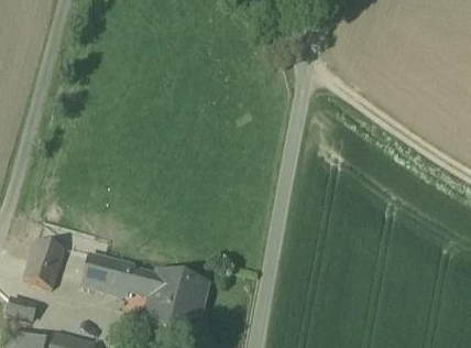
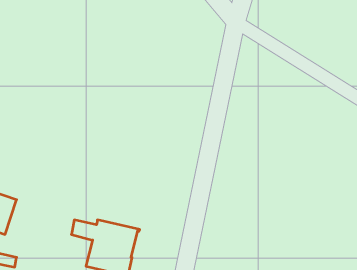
building: [81,253,133,293] -> none

